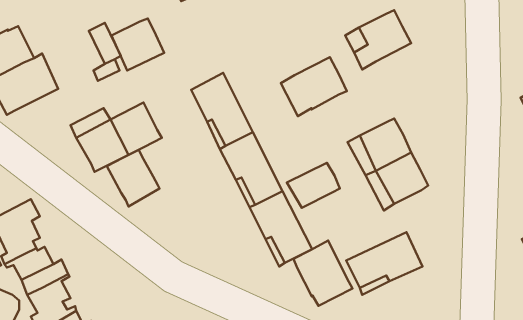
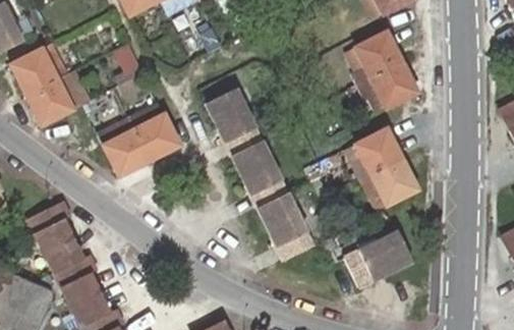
building: [112,19,164,71] -> none
building: [281,57,347,116] -> [359,60,418,113]
building: [107,150,160,207] -> none
building: [287,163,340,208] -> none
building: [293,241,353,306] -> none

